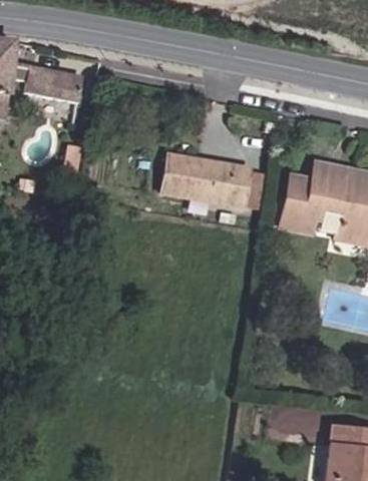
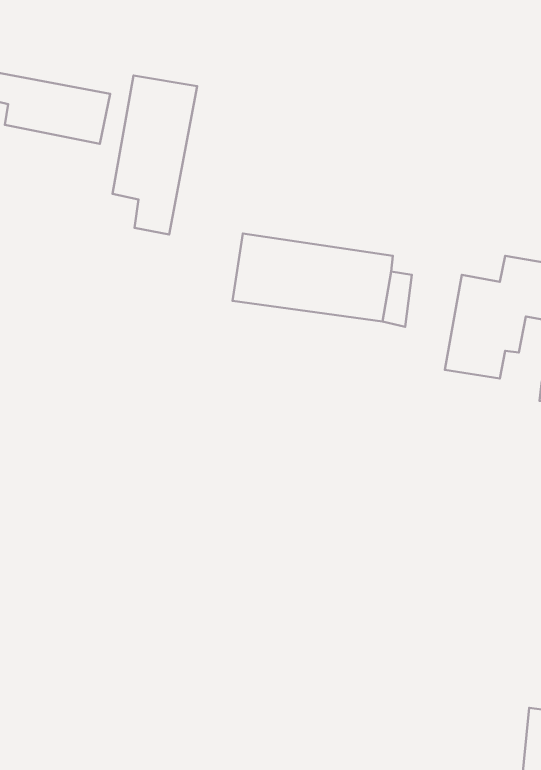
building: none -> [113,75,197,234]

